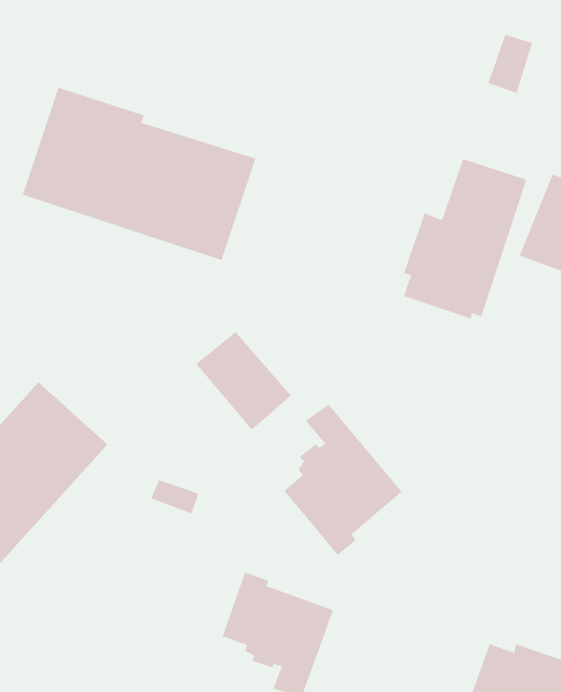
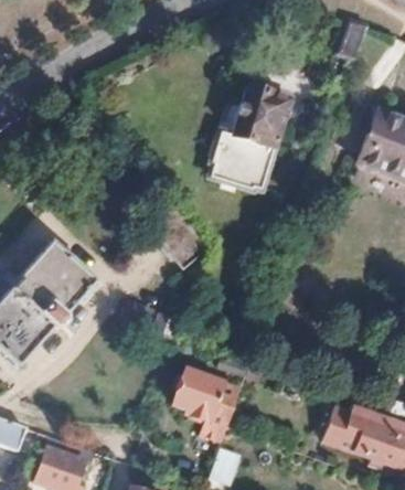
building: [22,87,256,261] -> none
building: [403,158,527,319] -> [207,88,286,190]
building: [284,404,403,556] -> none

